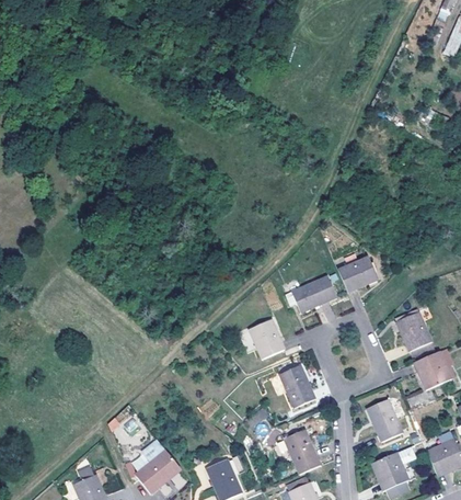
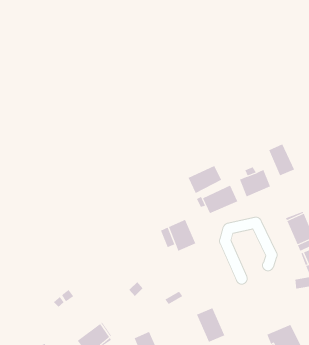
building: none -> [269,143,295,176]
building: none -> [188,165,222,194]
building: [279,365,314,408] -> none
building: [366,399,402,442] -> none

